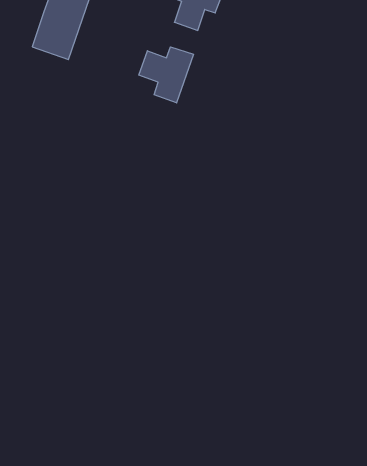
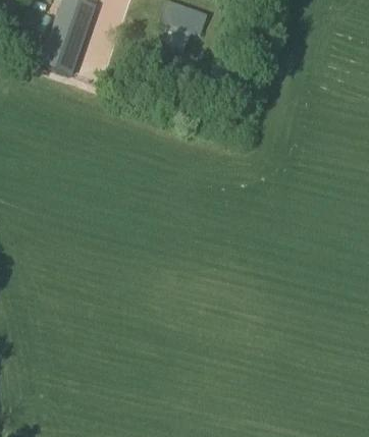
building: [139,47,194,103] -> none

